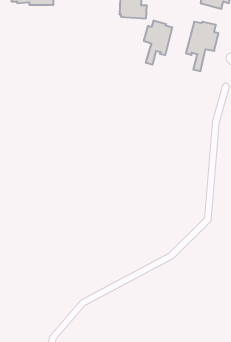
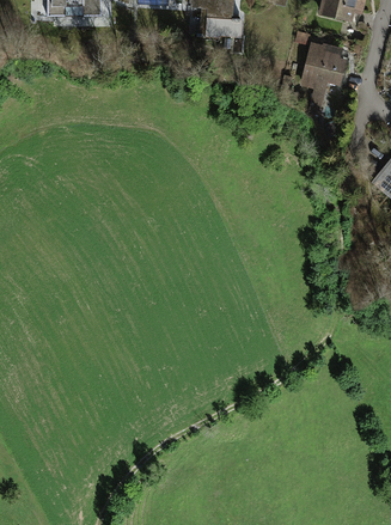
building: [144,20,172,65] -> none

